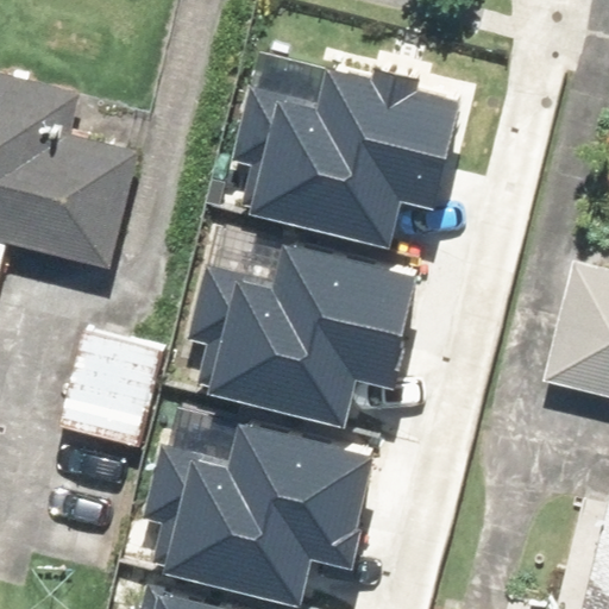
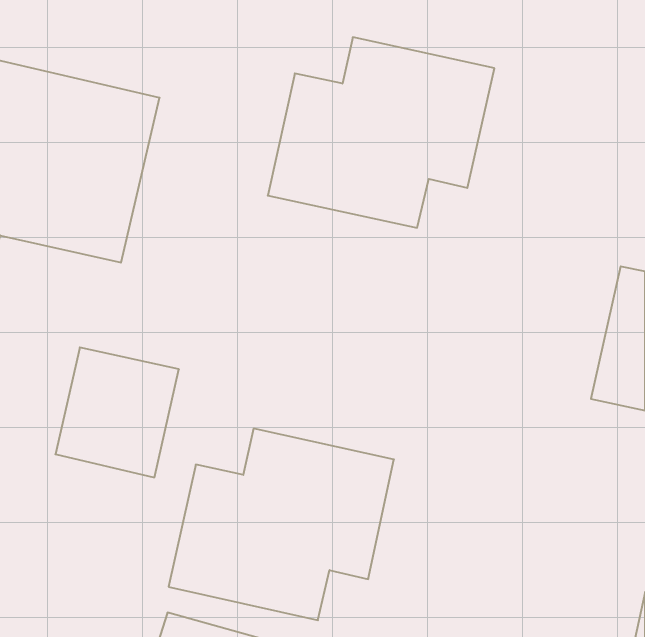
building: [208,234,417,410] -> none

